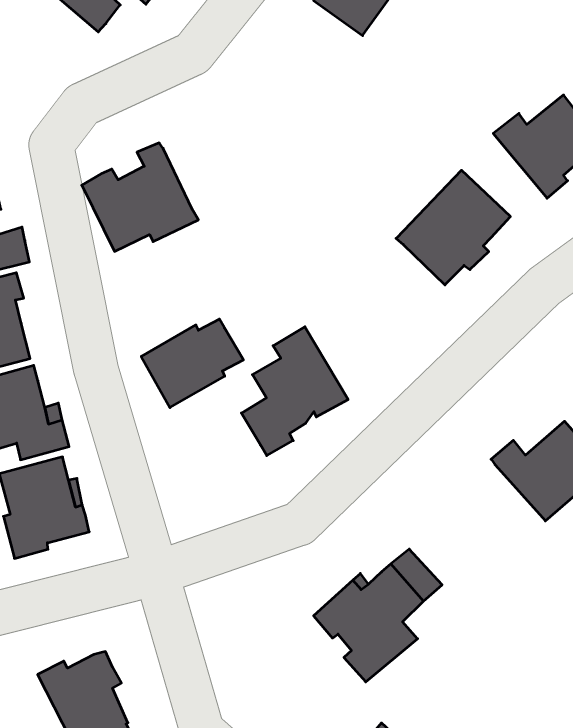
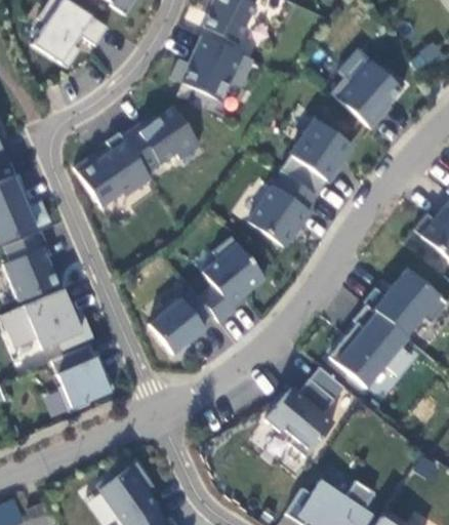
building: none -> [170,35,253,106]
building: none -> [122,107,200,172]
building: none -> [248,173,316,246]
building: [141,319,243,408] -> [149,292,214,354]
building: none -> [328,305,412,388]

